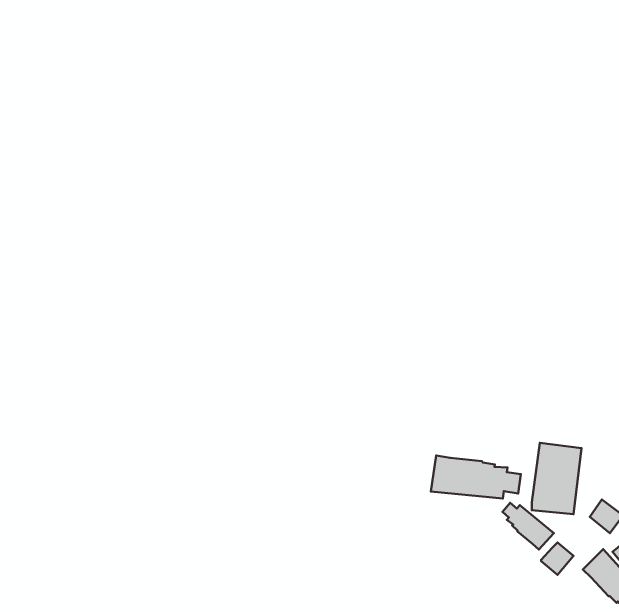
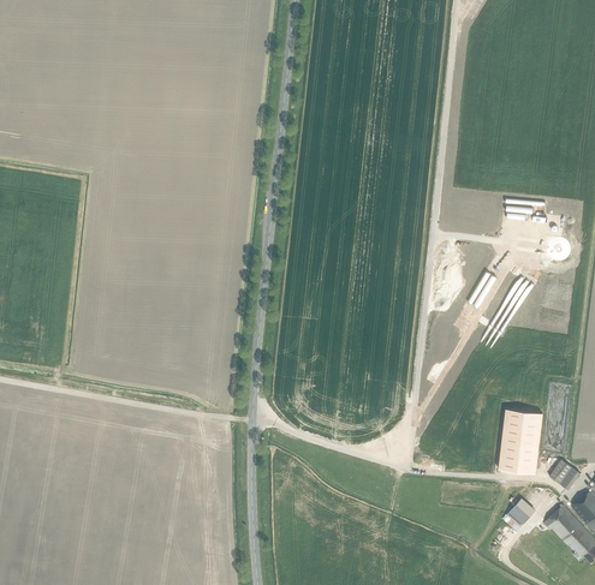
building: [431,456,521,498] -> none
building: [502,503,554,550] -> none

